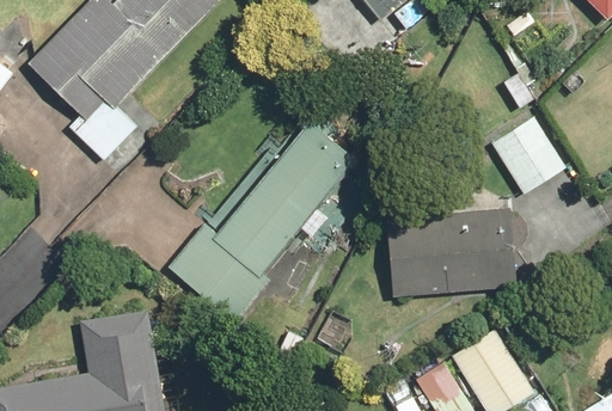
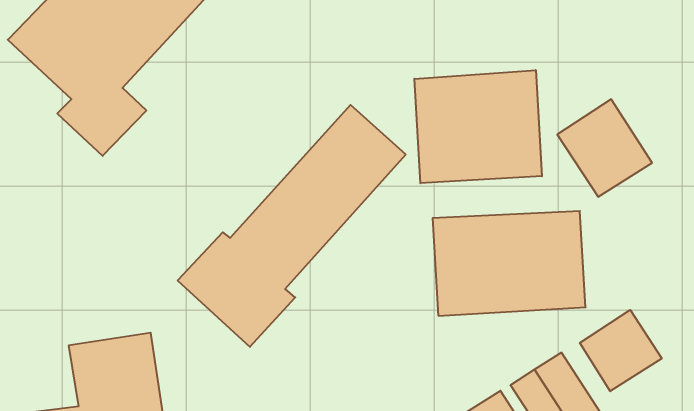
building: none -> [414,70,542,183]
building: none -> [580,310,662,391]

